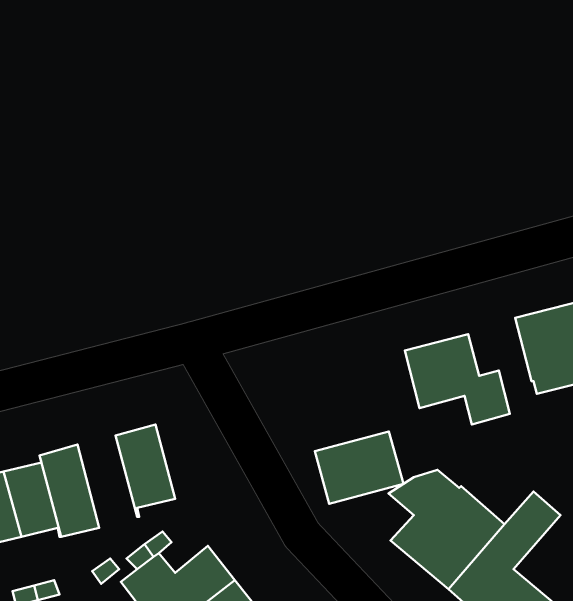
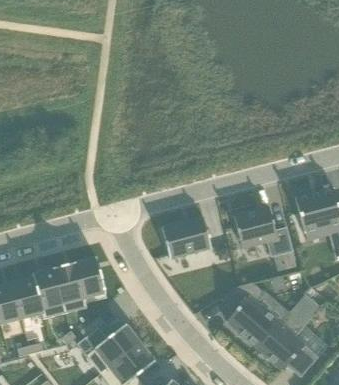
building: [315,431,403,504] -> [162,217,211,257]
building: none -> [53,262,86,313]

